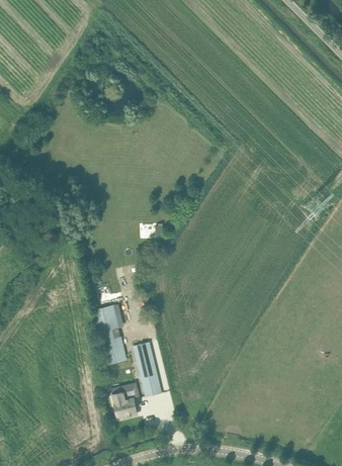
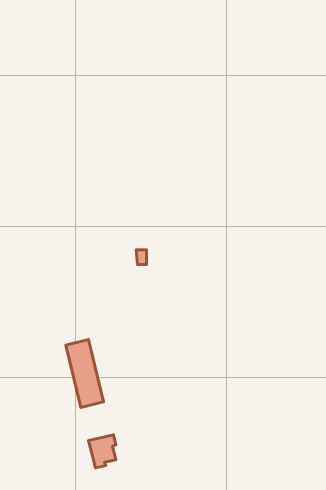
building: [134,342,162,396] -> none

